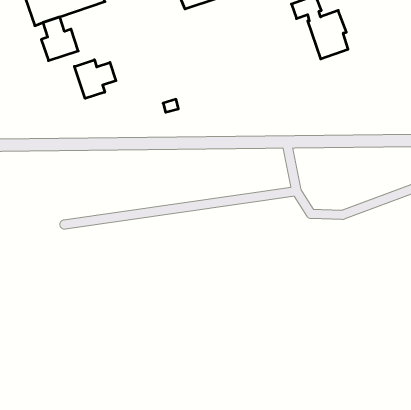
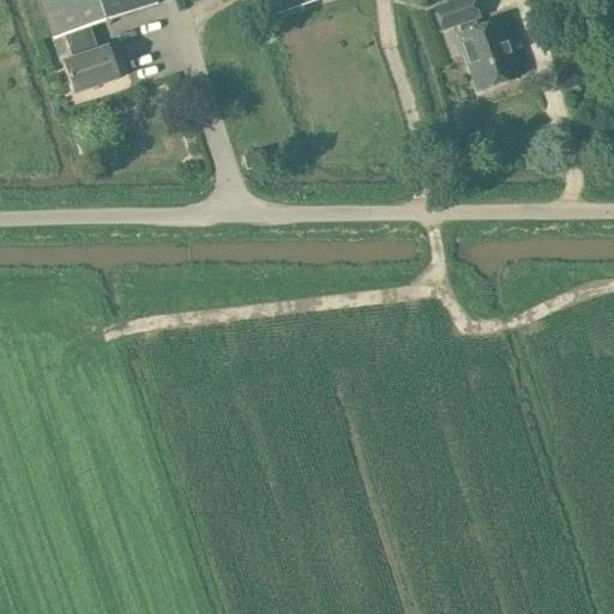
building: [74,60,116,98] -> none

